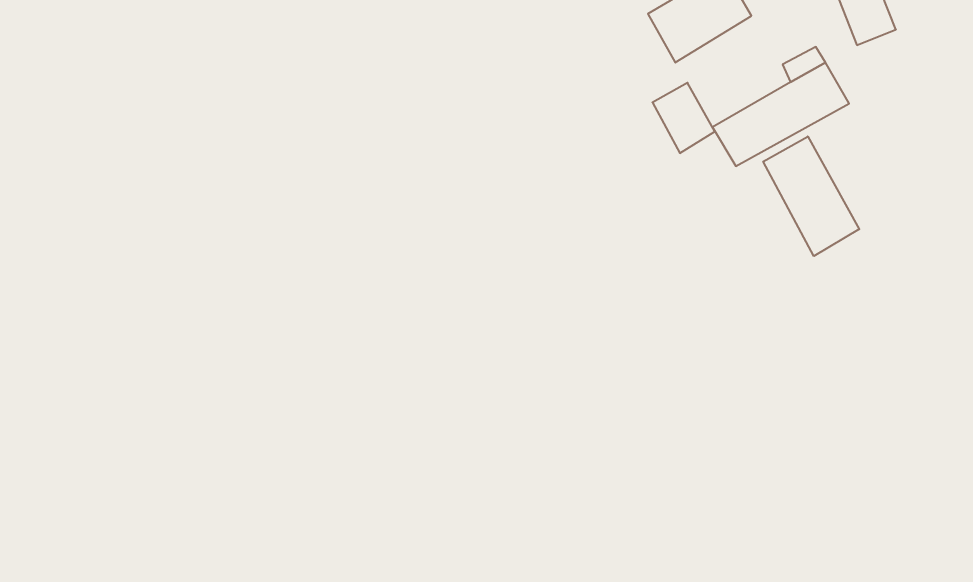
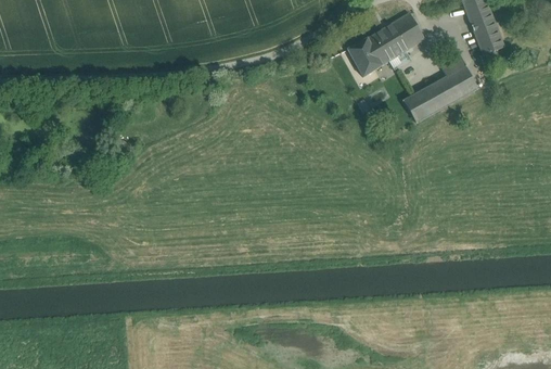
building: [652,83,715,153] -> [347,38,382,77]
building: [763,136,859,256] -> none

